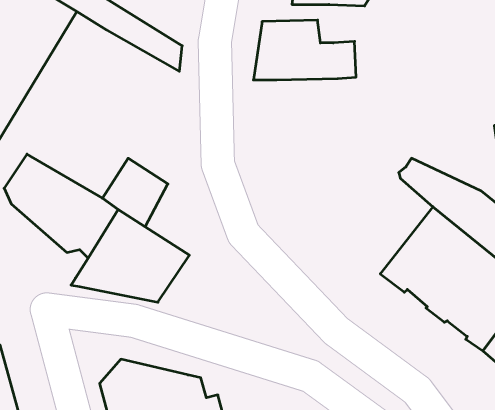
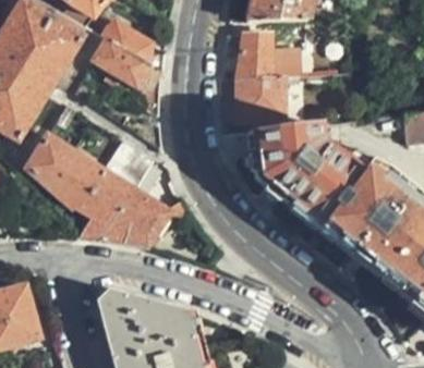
building: none -> [93,40,161,116]
building: none -> [235,77,282,119]
building: none -> [249,123,355,226]

